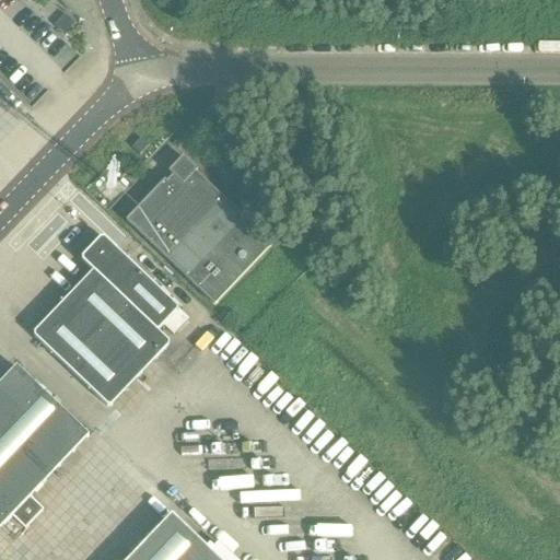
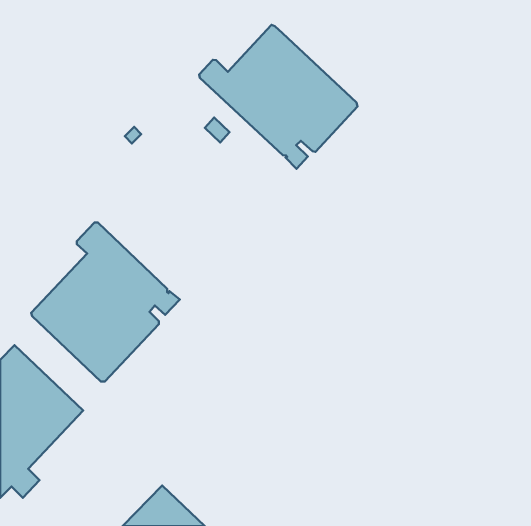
building: none -> [199,25,358,169]
building: [125,152,270,301] -> none

